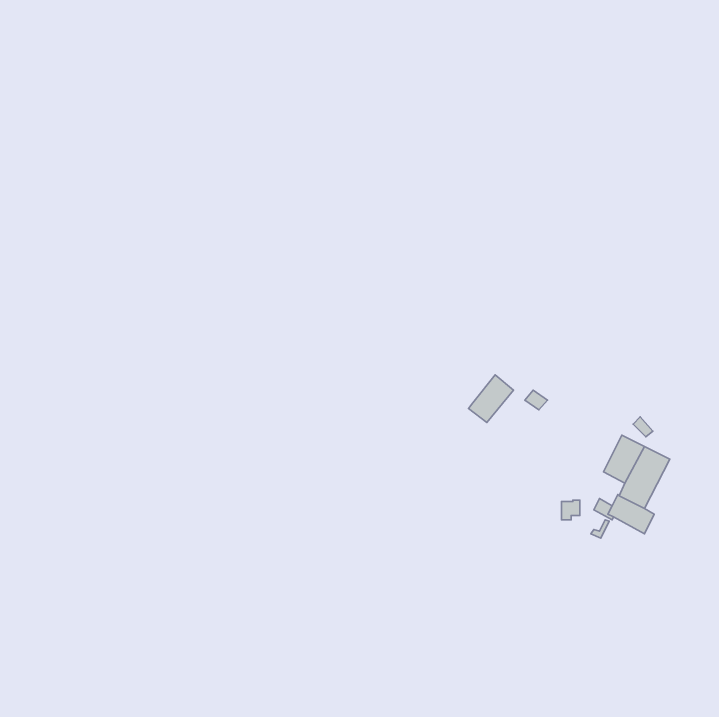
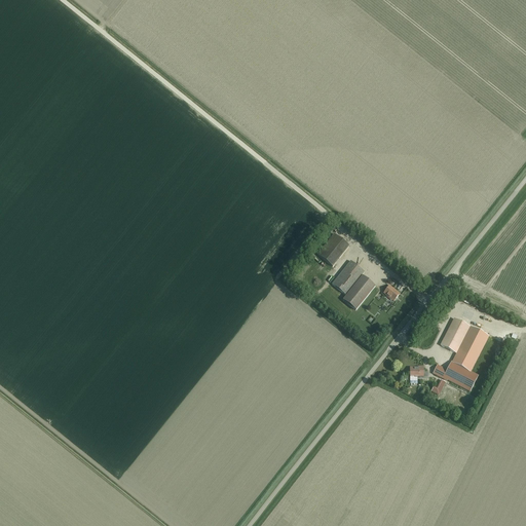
building: none -> [317,232,348,265]
building: none -> [332,259,365,294]

